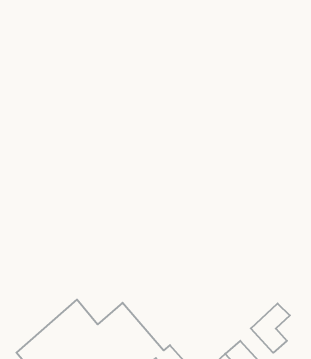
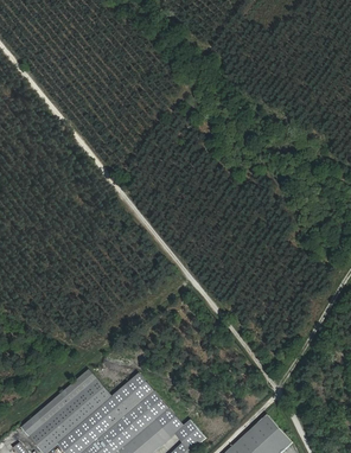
building: [251,303,290,353] -> none

